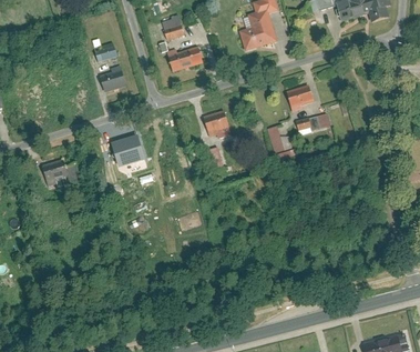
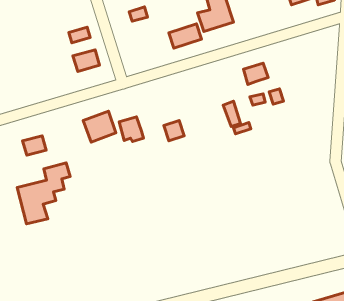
building: [167,46,203,72] -> [169,24,202,48]
building: [205,111,232,138] -> [119,117,144,141]
building: none -> [17,163,70,224]

